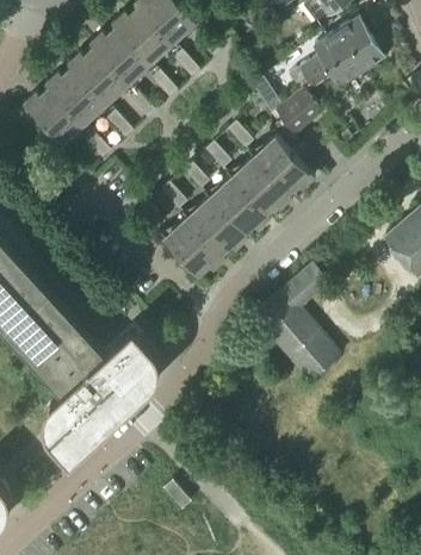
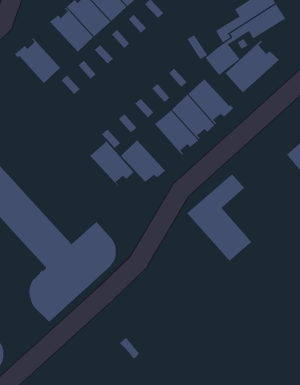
building: [47,64,106,125] -> none
building: none -> [225,40,280,93]
building: [185,200,244,262] -> [90,141,135,187]

